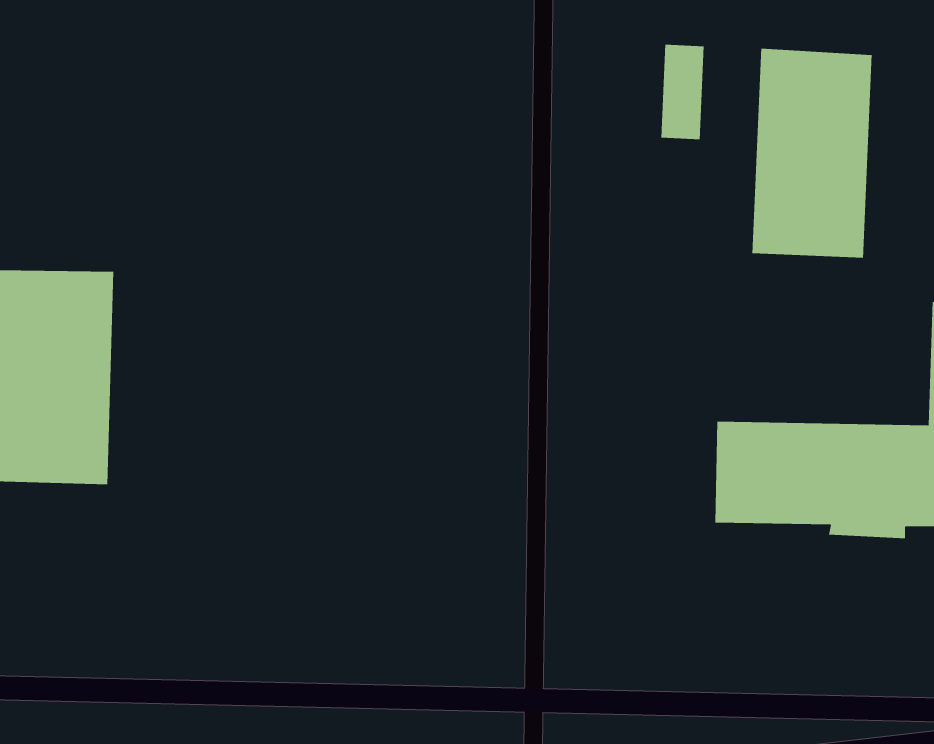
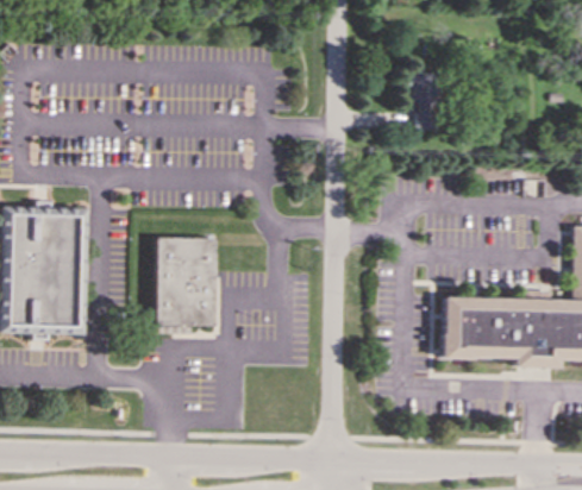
building: [752,48,872,259] -> none
building: none -> [156,237,215,326]

